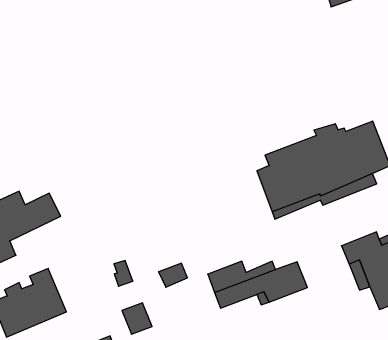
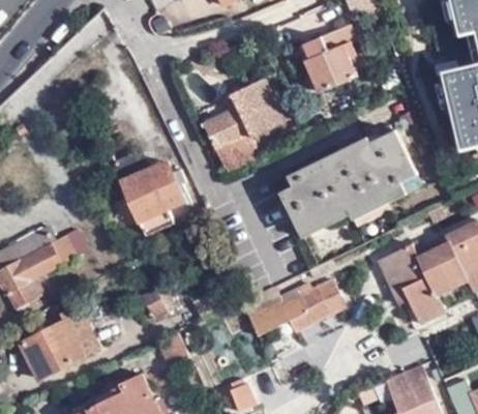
building: none -> [304,26,358,94]
building: none -> [203,80,282,176]
building: none -> [110,150,183,234]

